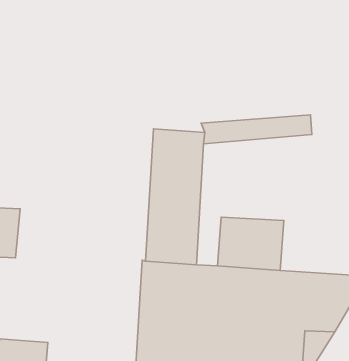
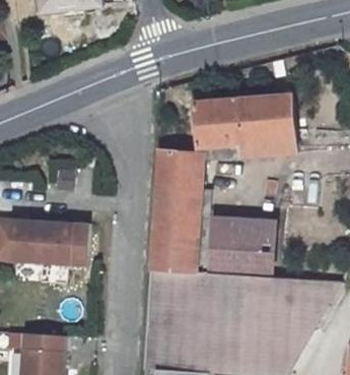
building: none -> [197,95,296,145]
building: none -> [39,221,89,266]

